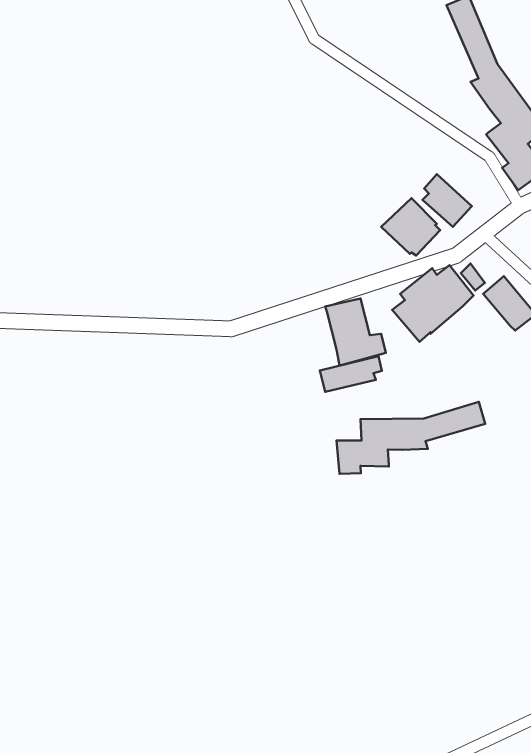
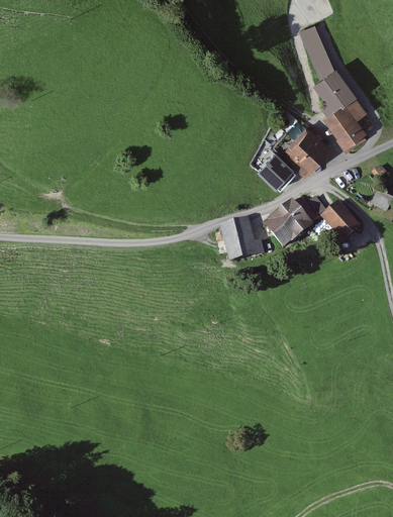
building: none -> [294,125,327,159]
building: [320,356,382,392] -> none
building: [337,402,485,474] -> none

